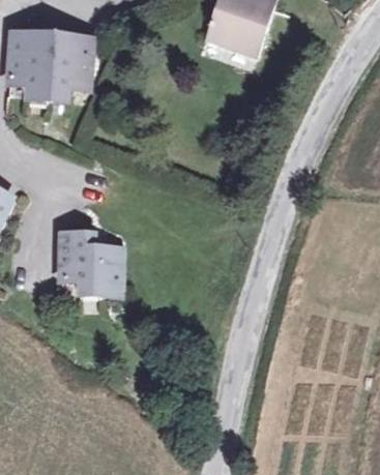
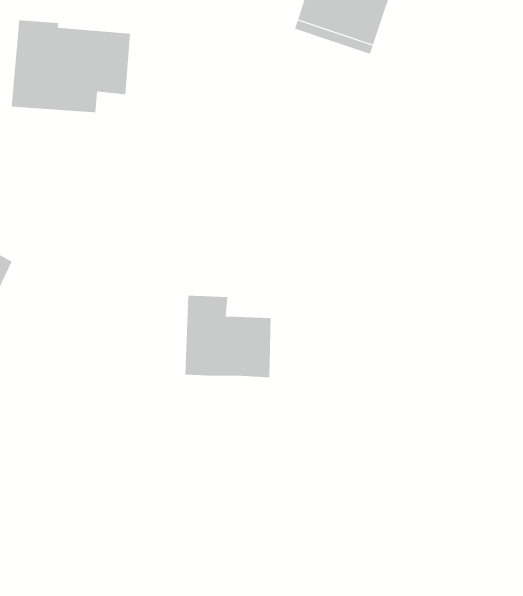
building: [62,231,122,288] -> [185,295,272,378]

